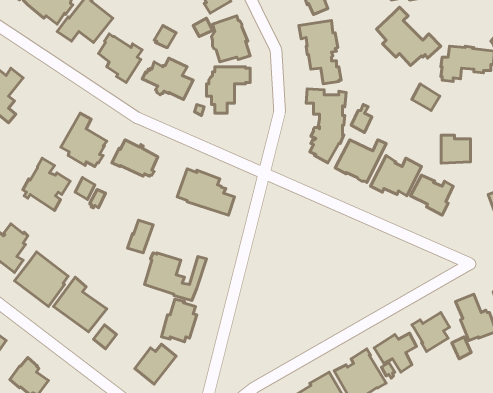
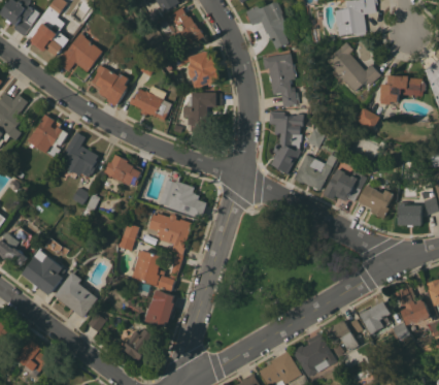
building: [441,135,470,163] -> [397,202,421,226]
building: [23,158,70,210] -> [28,115,68,159]
building: none -> [146,214,192,255]

